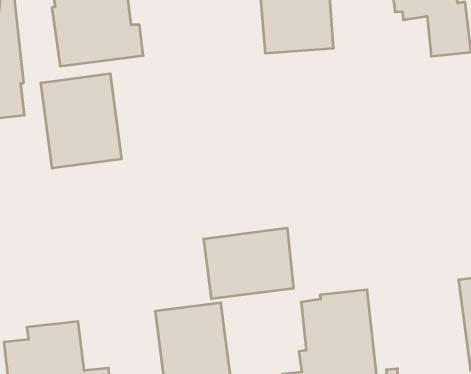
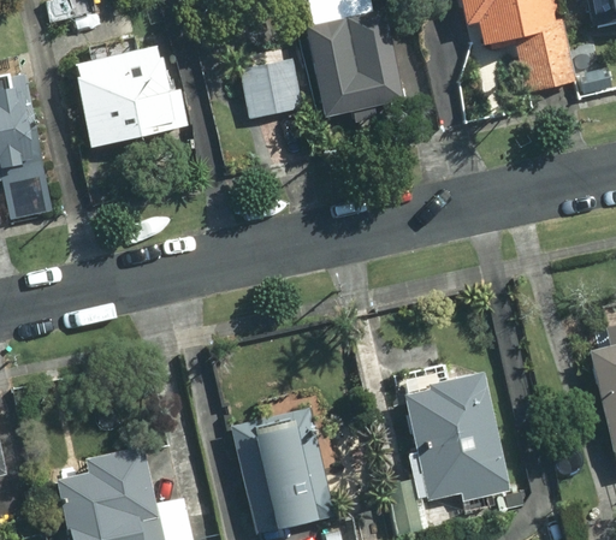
building: none -> [238,58,302,118]
building: [41,74,121,168] -> none
building: [204,228,294,299] -> none

